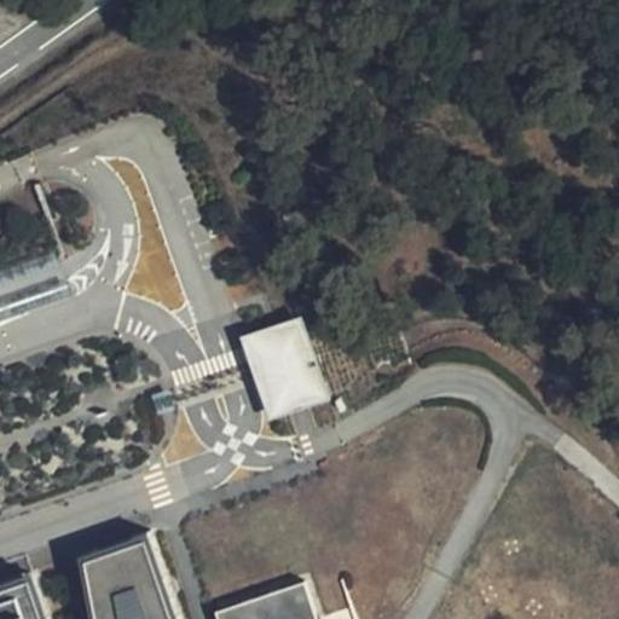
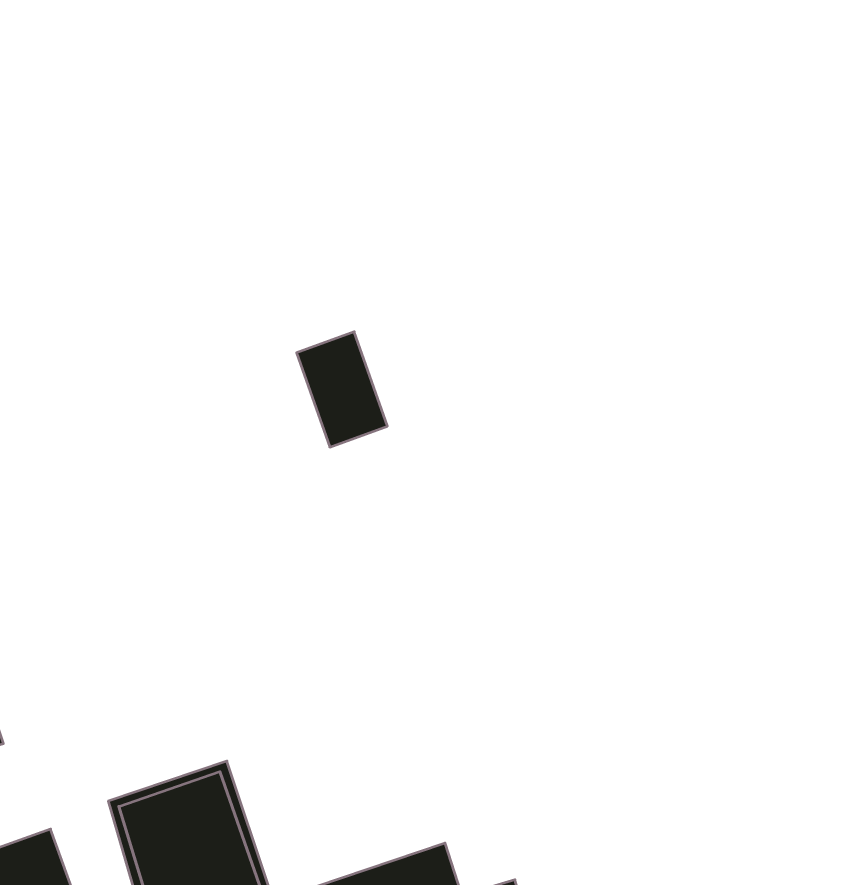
building: [258,334,320,413] -> [297,332,387,447]

